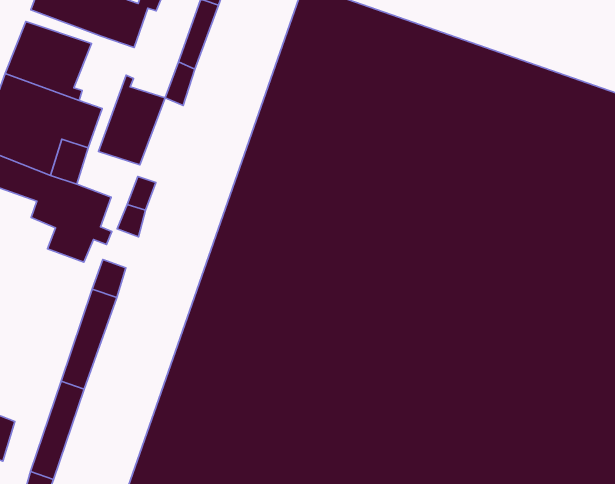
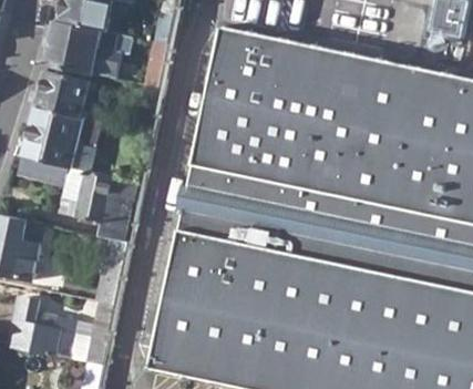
building: [98,75,165,165] -> none

